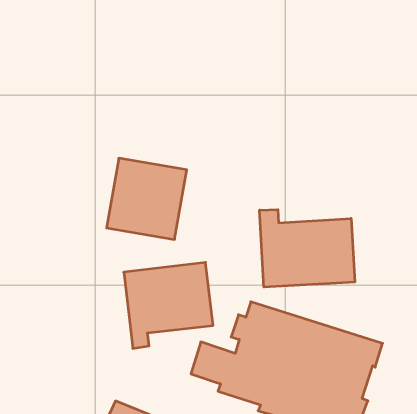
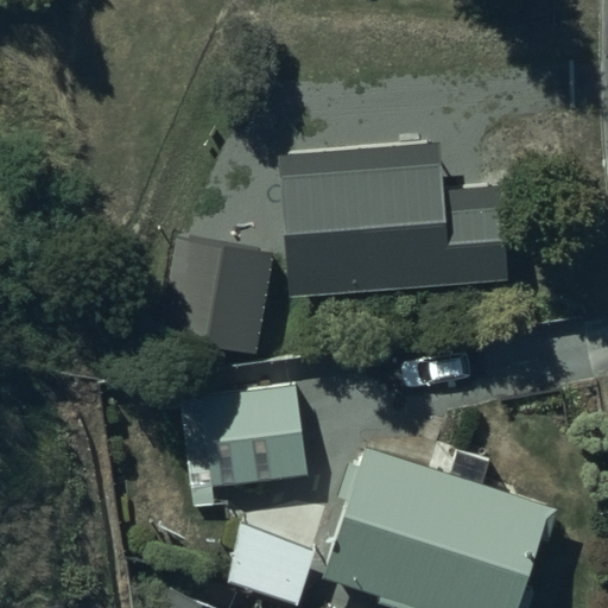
building: none -> [279,145,505,296]
building: [260,210,355,287] -> none

